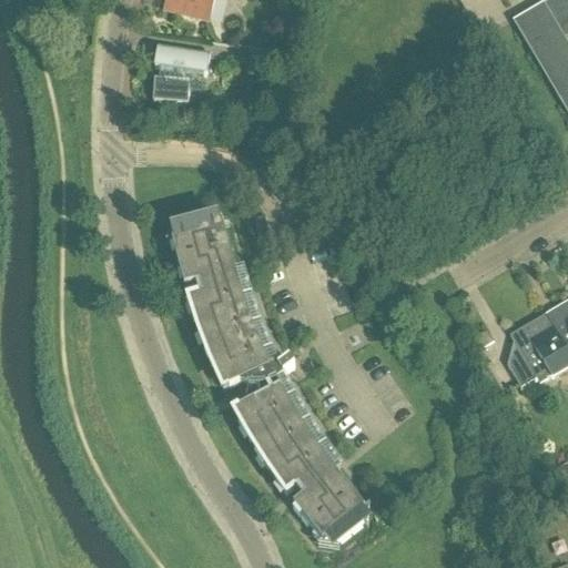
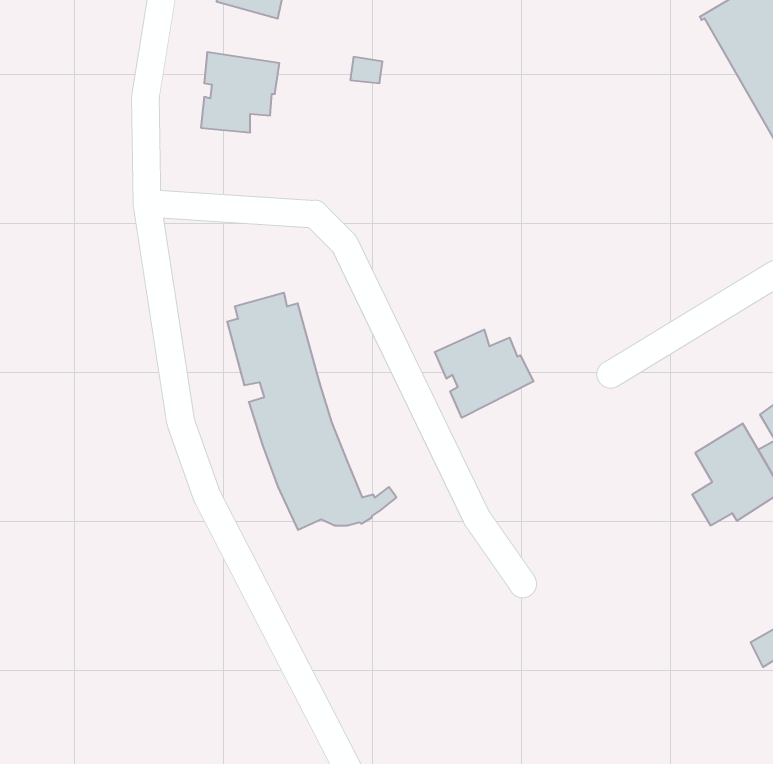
building: none -> [435,330,534,418]
building: [234,381,366,539] -> none

